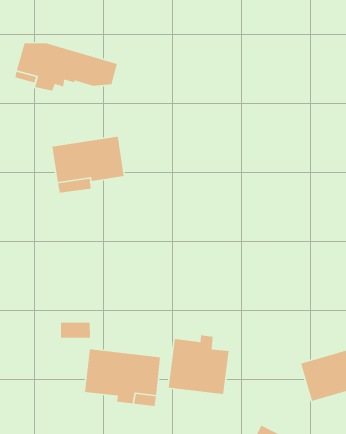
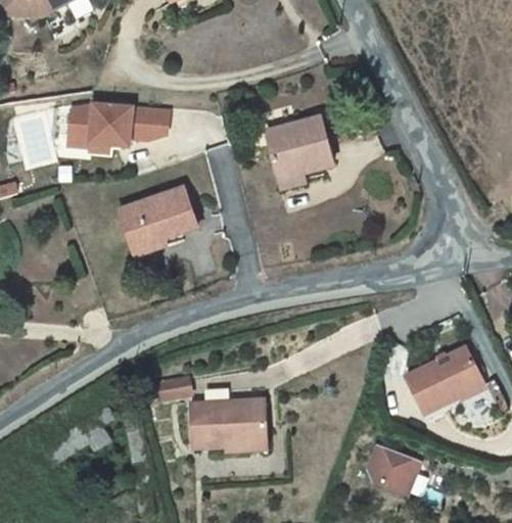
building: none -> [266,117,331,186]
building: [168,335,230,395] -> none

